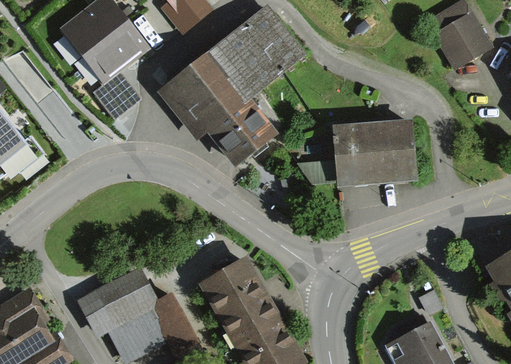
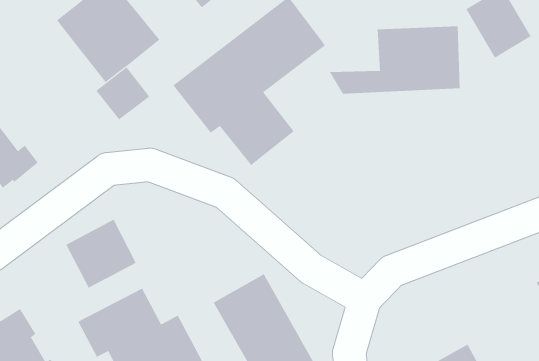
building: [292,122,410,183] -> [329,26,461,94]
building: none -> [66,219,137,289]

